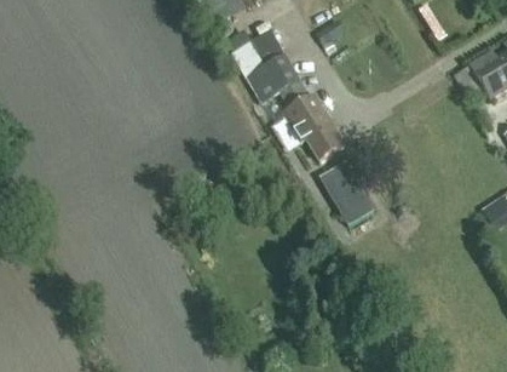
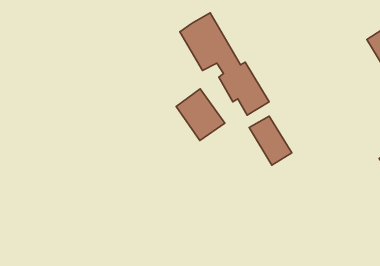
building: none -> [176,89,225,140]

